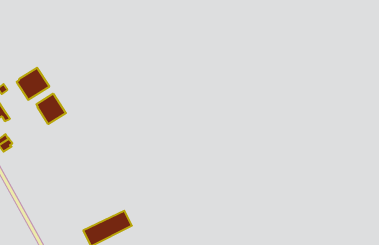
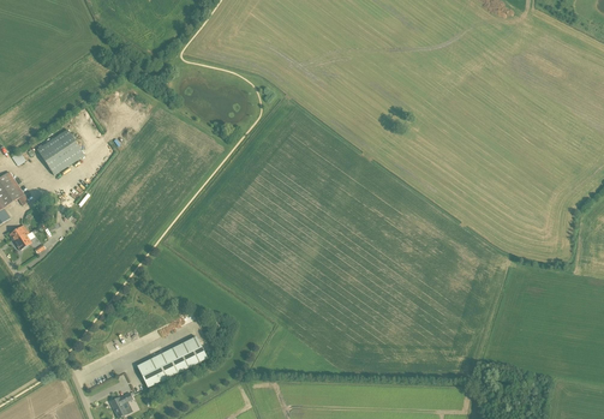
building: [36,94,66,124] -> none

